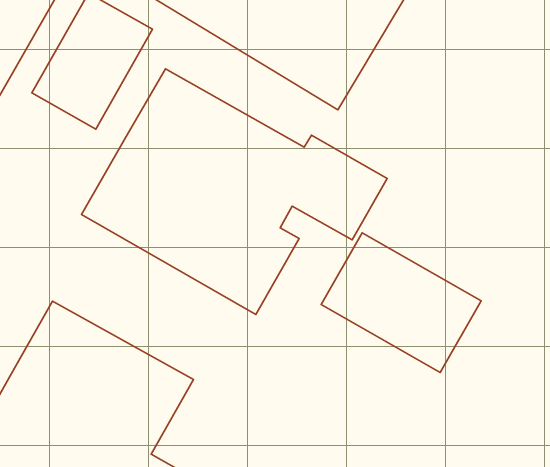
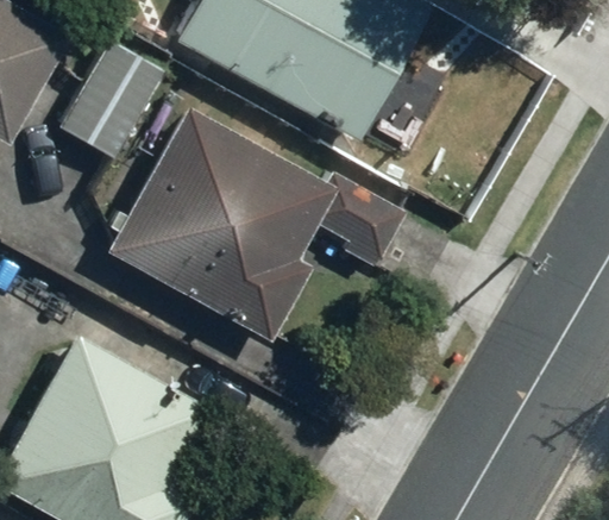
building: [321,233,481,373] -> none

